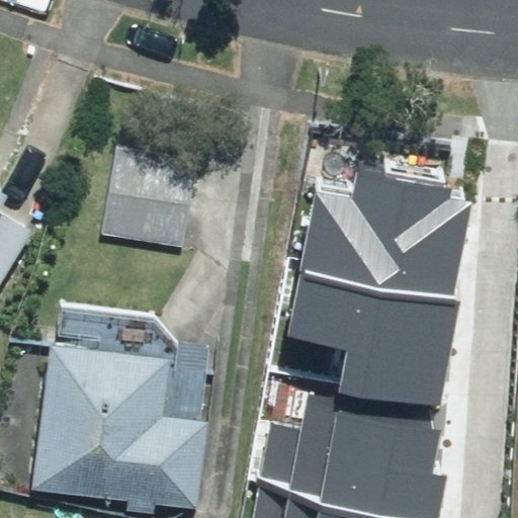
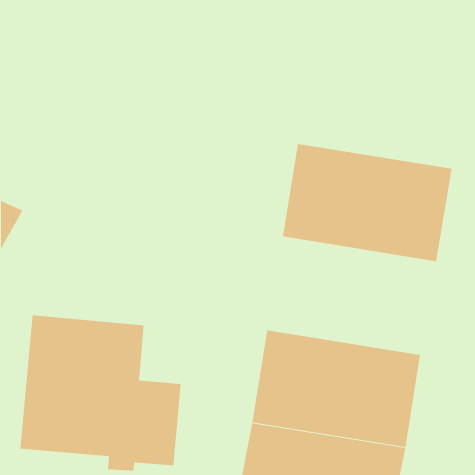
building: [93,146,191,248] -> none
building: [290,258,476,386] -> none

